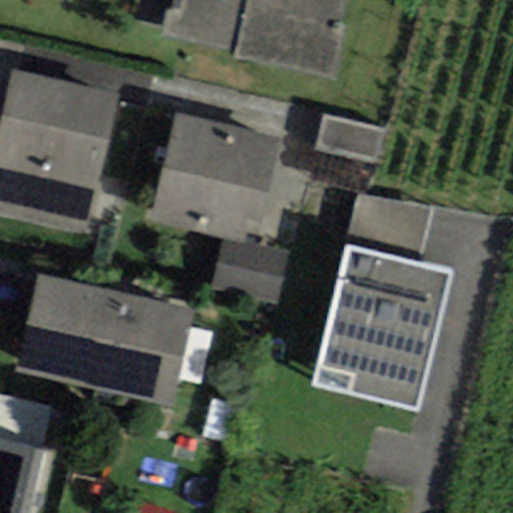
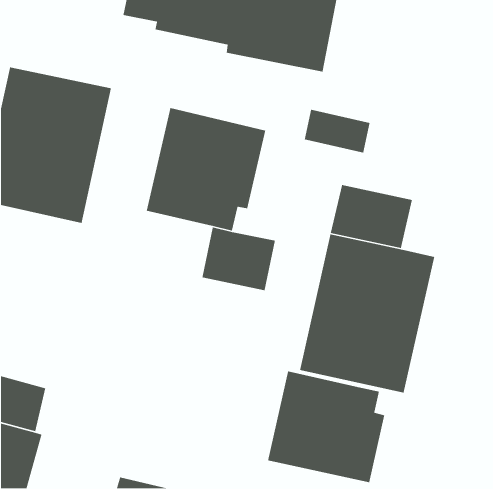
building: [15,271,192,404] -> none
building: none -> [267,370,385,483]

